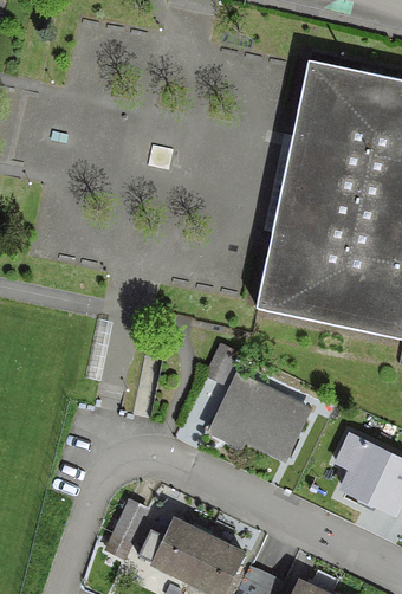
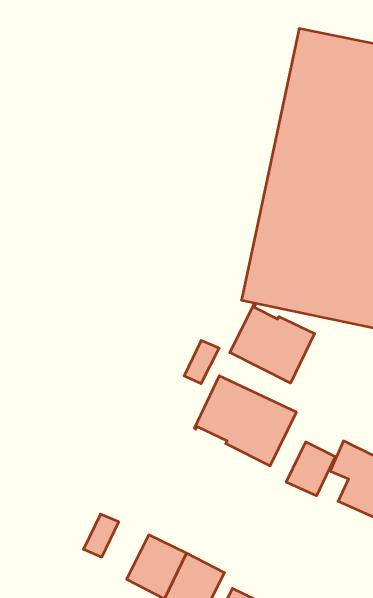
building: none -> [230,305,315,383]
building: none -> [286,442,335,496]

